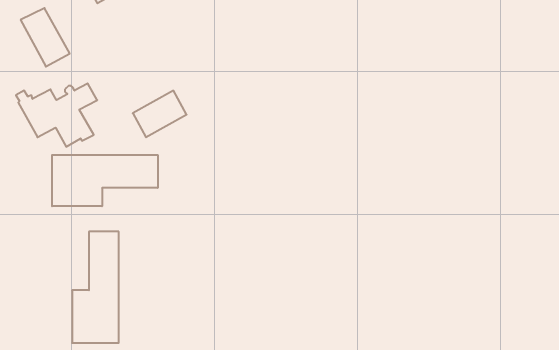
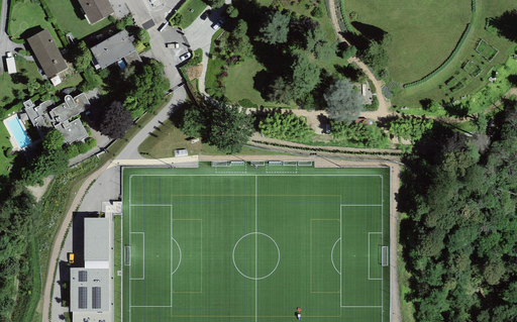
building: [133,91,187,137] -> [91,29,136,69]
building: [52,155,158,206] -> none

